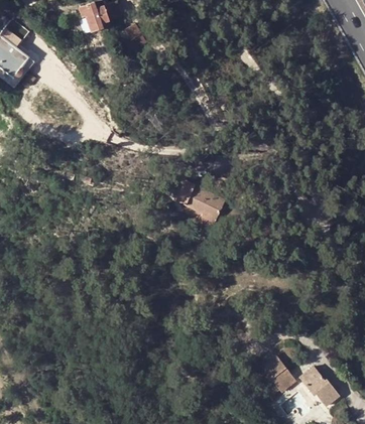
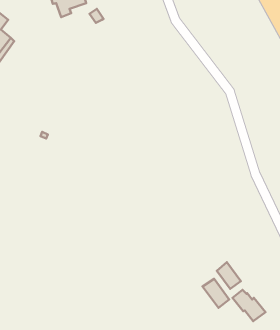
building: [175,181,223,223] -> none
building: none -> [217,262,241,289]

